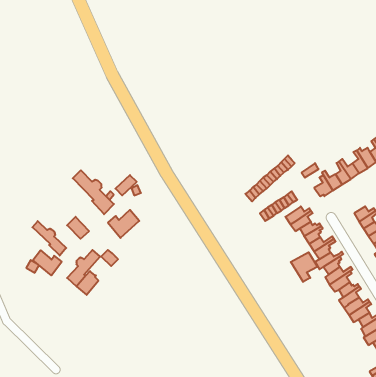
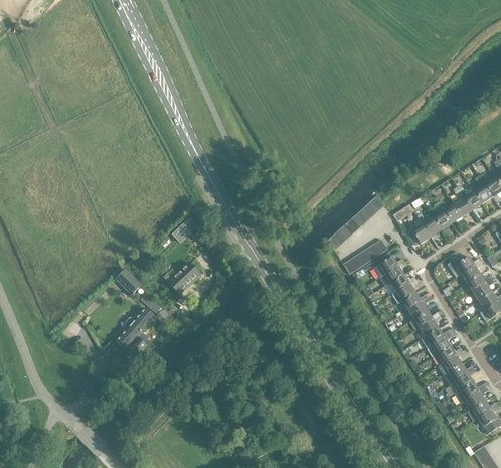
building: [73,170,114,214] -> none
building: [32,221,66,256] -> none
building: [33,250,62,275] -> none
building: [291,252,317,282] -> none

